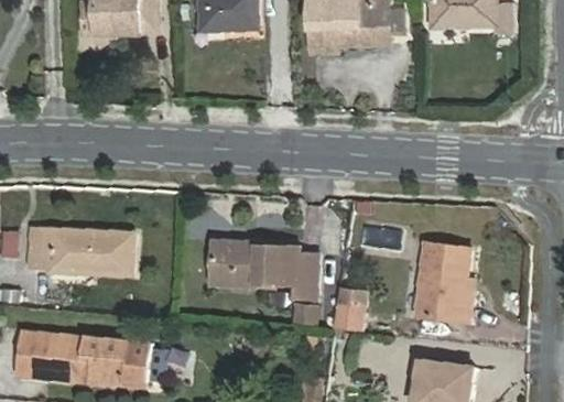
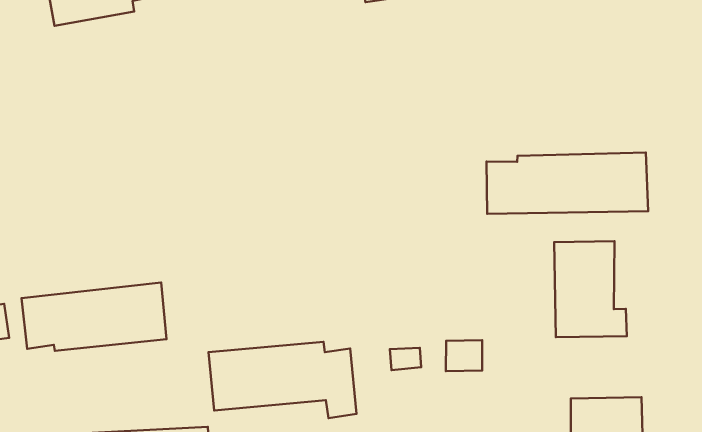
building: none -> [486,153,648,214]
building: [210,240,316,301] -> [209,342,357,418]

